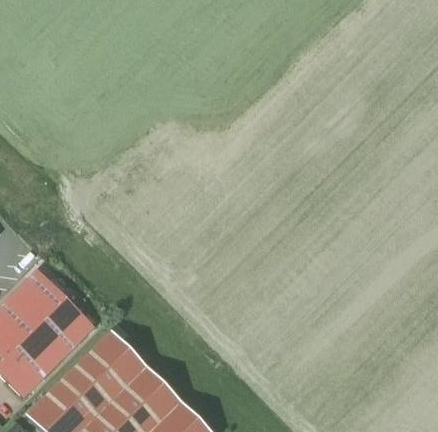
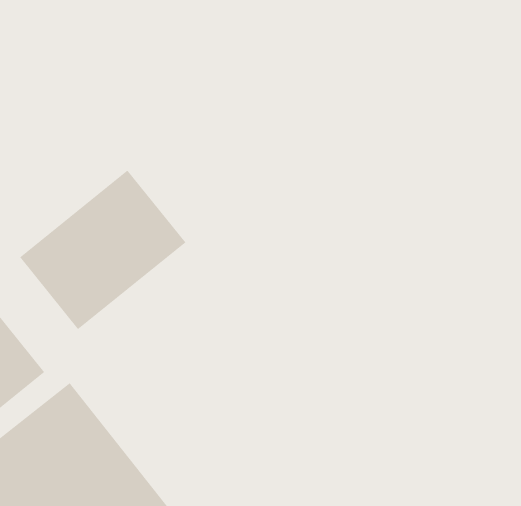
building: none -> [19,170,186,330]

